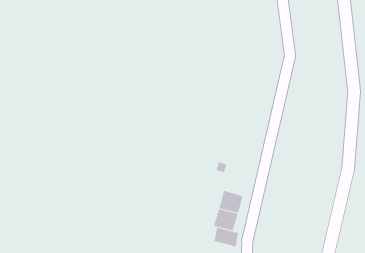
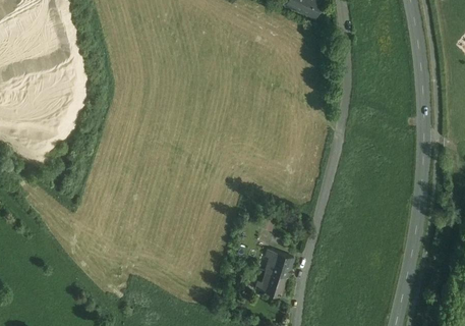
building: [214,227,239,247] -> none

